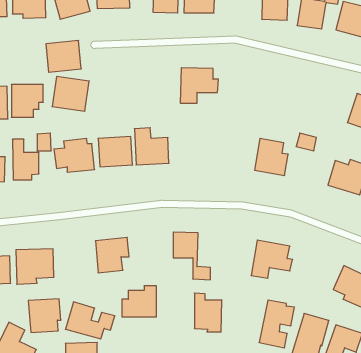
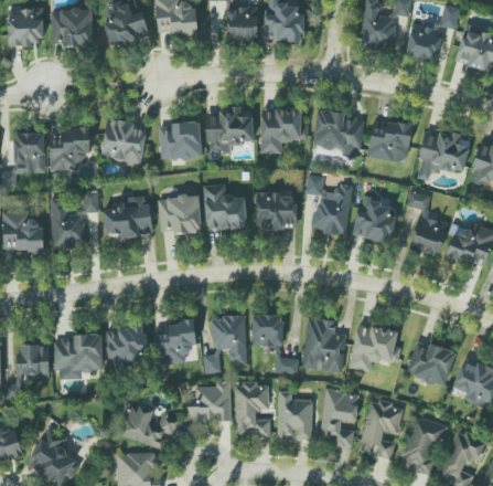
building: [46,40,81,72] -> [158,120,202,160]
building: none -> [206,109,253,149]
building: none -> [312,110,364,157]
building: none -> [367,120,411,162]
building: none -> [415,128,471,180]
building: none -> [306,175,352,233]
building: none -> [256,191,296,229]
building: none -> [411,216,446,253]
building: none -> [204,316,246,372]
building: none -> [301,317,346,372]
building: none -> [405,339,456,385]
building: none -> [235,382,269,435]
building: none -> [319,389,358,445]
building: [28,299,61,332] -> [106,326,147,368]

